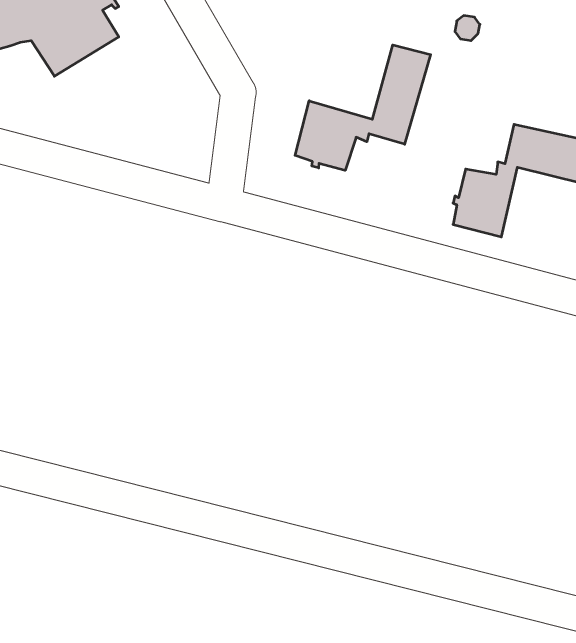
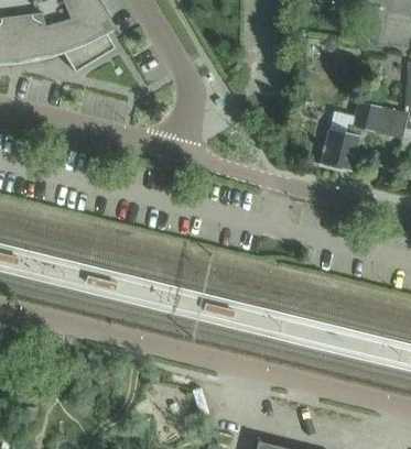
building: [295,45,431,170] -> none

